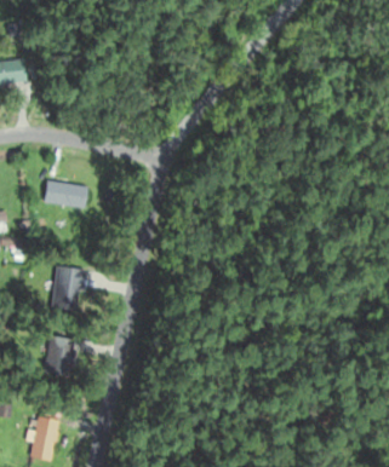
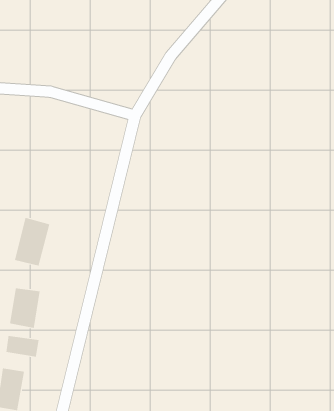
building: [44,180,87,207] -> none
building: none -> [6,335,39,358]

